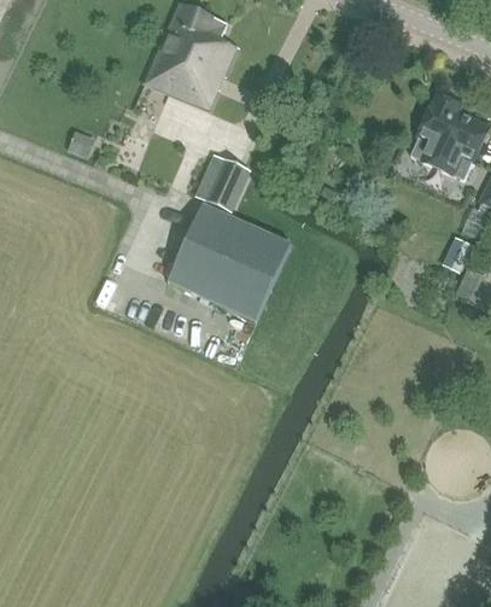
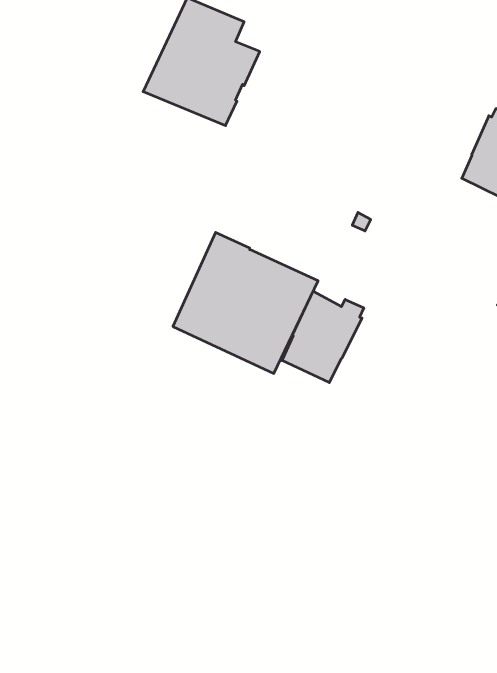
building: [204,158,249,210] -> none
building: none -> [282,291,364,383]

